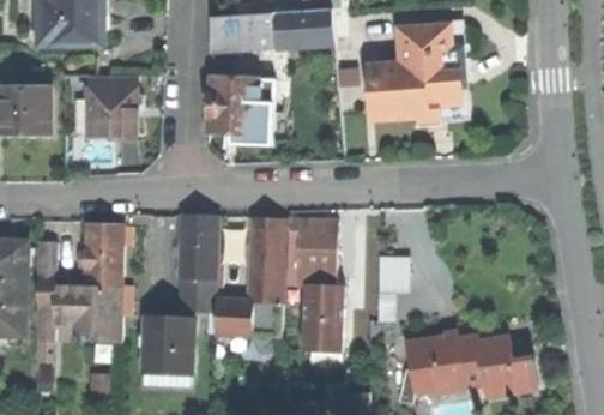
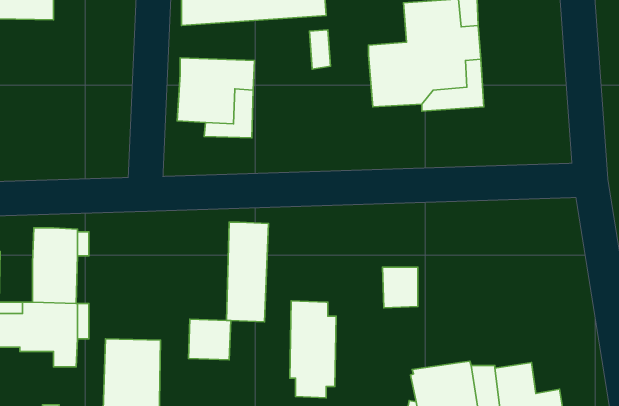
building: [86,76,135,136] -> none
building: [179,213,218,312] -> none
building: [288,218,336,285] -> none

